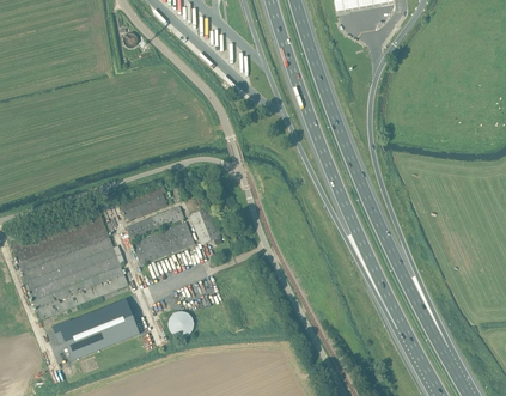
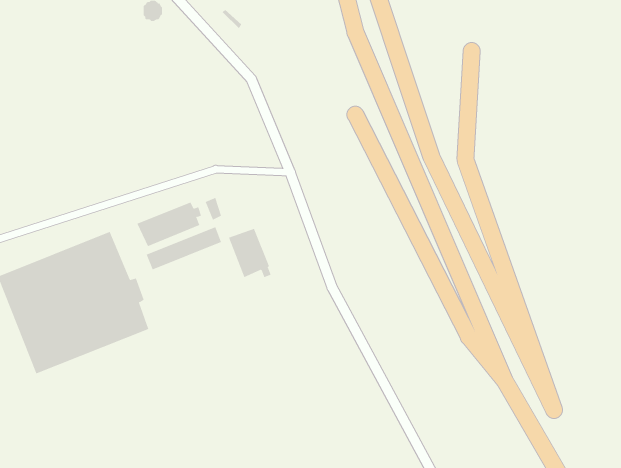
building: [132,220,195,264] -> none
building: [53,299,140,359] -> none
building: [169,310,194,336] -> none

